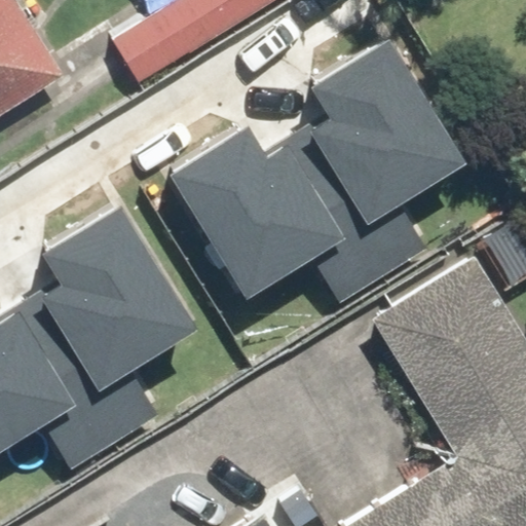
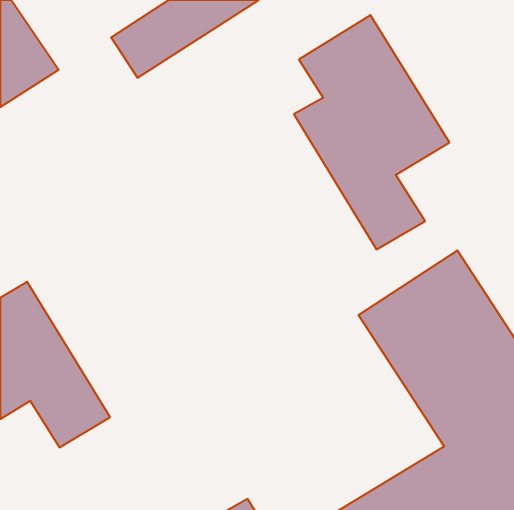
building: [173,102,385,291] -> none
building: [30,192,186,430] -> none

